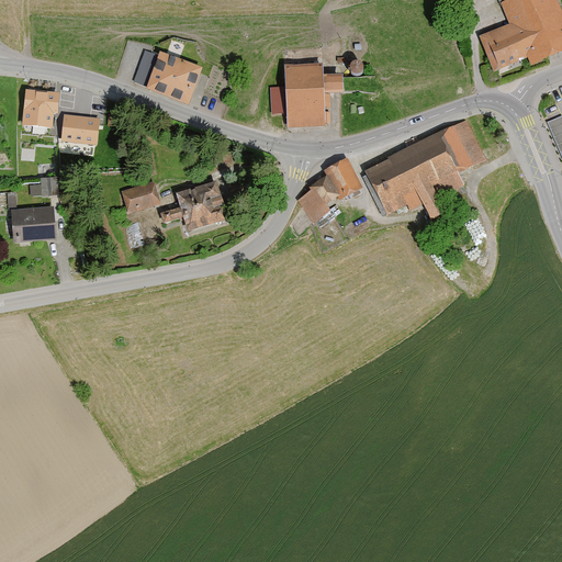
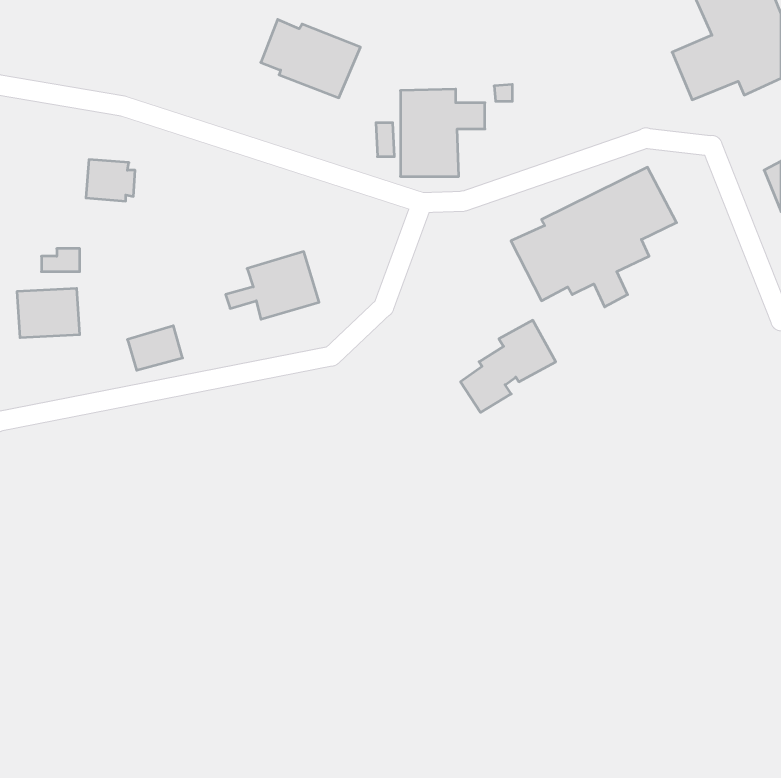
building: [133,47,204,103] -> [261,19,360,98]
building: [22,88,54,128] -> none
building: [296,157,364,223] -> [461,320,556,412]
building: [121,180,160,212] -> [127,326,183,370]

